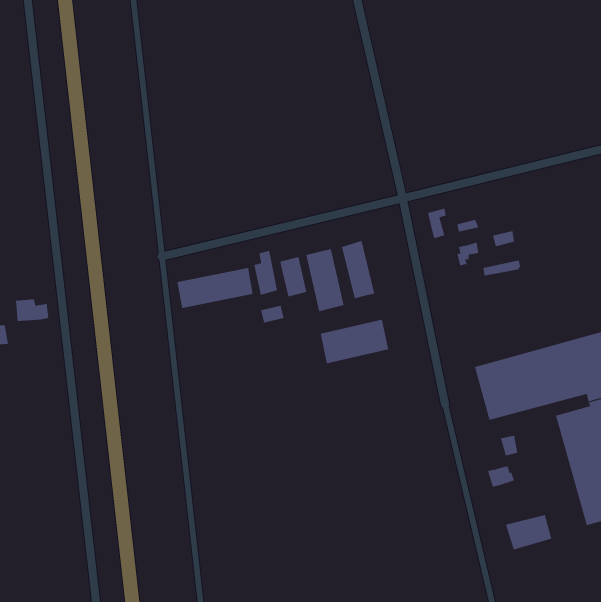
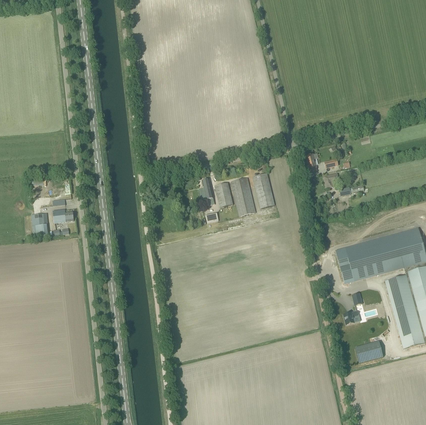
building: [177,267,253,309] -> none
building: [320,319,389,364] -> none

